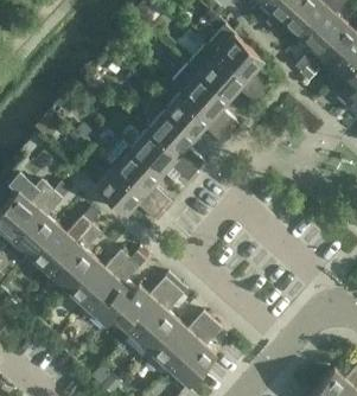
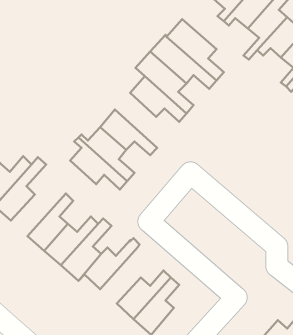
building: [147,110,204,173] -> none
building: [28,210,96,274] -> none
building: [130,287,183,351] -> none

